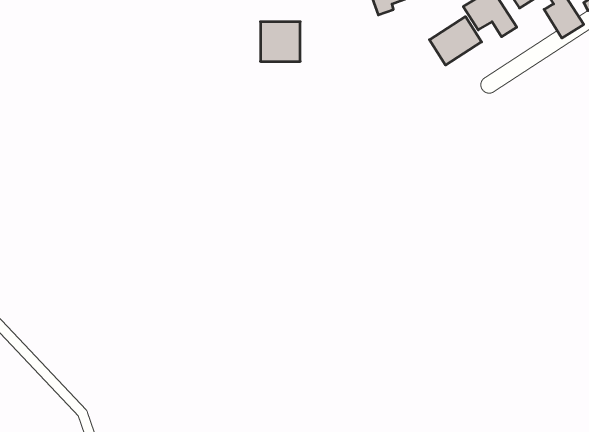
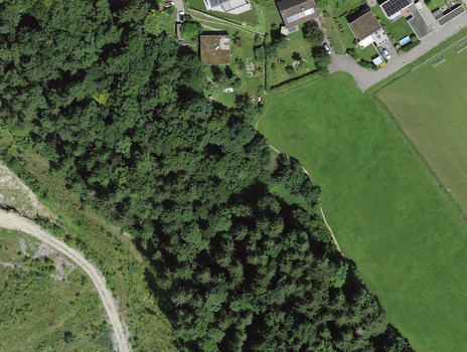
building: [429,17,482,65] -> none

